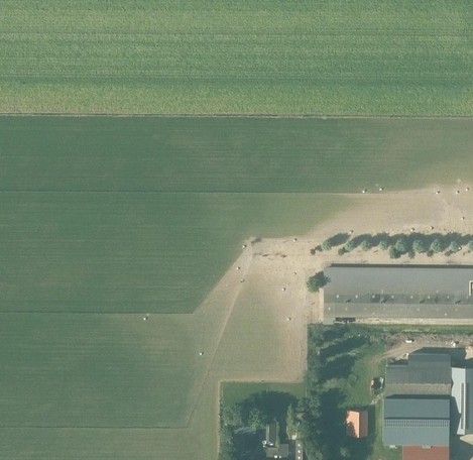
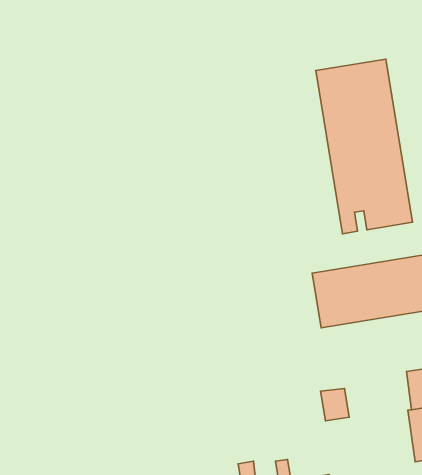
building: none -> [316,59,413,234]
building: [348,410,368,435] -> [320,388,349,421]

